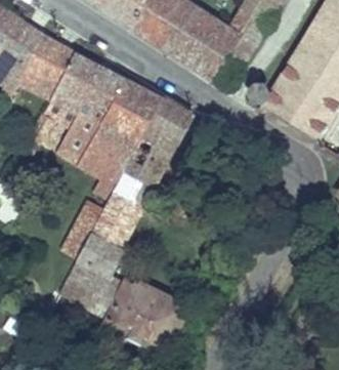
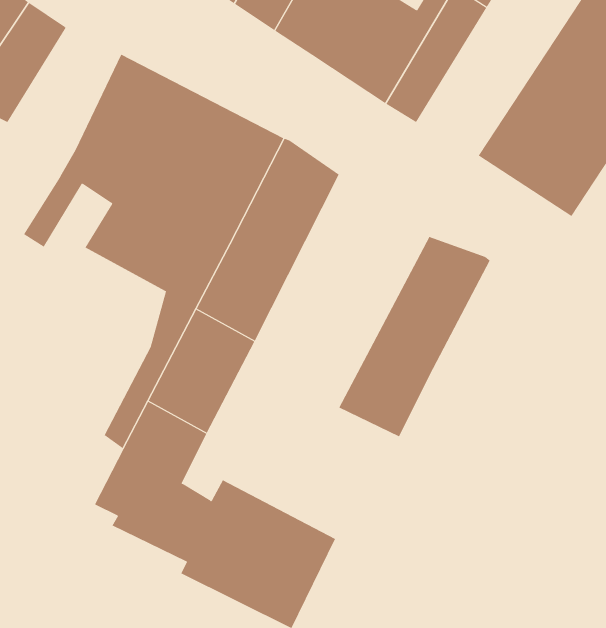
building: [11,34,72,99] -> none
building: none -> [339,236,491,437]

